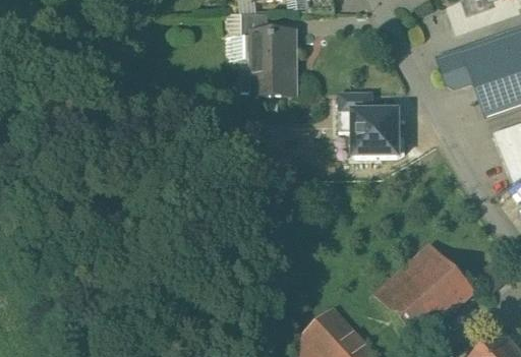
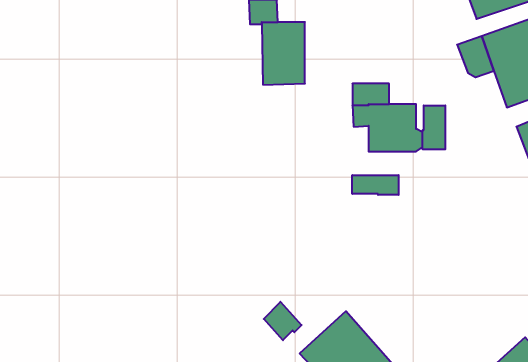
building: none -> [423,105,445,149]
building: none -> [352,175,399,195]
building: [373,242,474,343] -> none
building: none -> [264,302,302,340]

